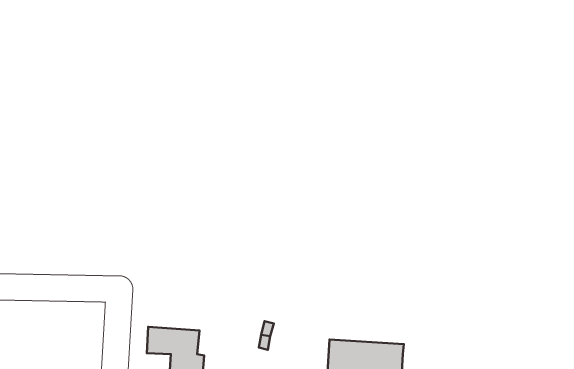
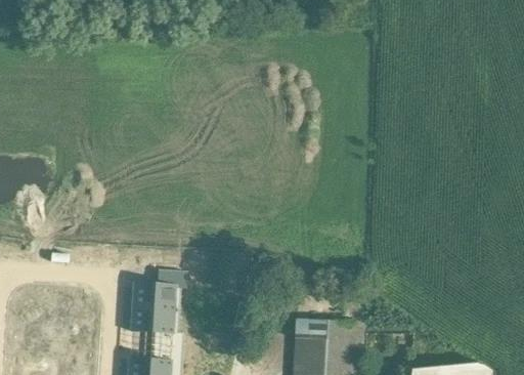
building: none -> [134,269,188,309]

